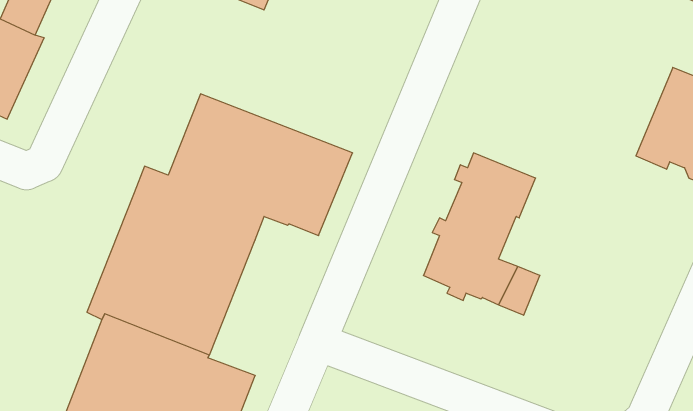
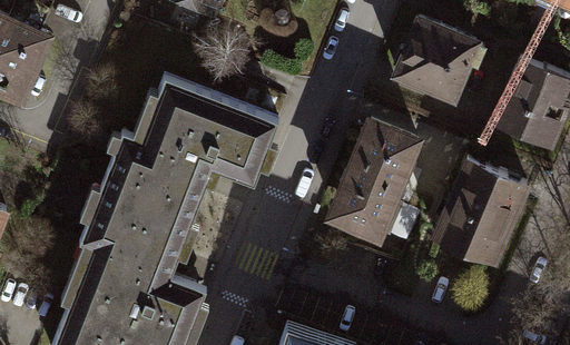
building: none -> [394,21,476,100]
building: none -> [434,160,527,263]

